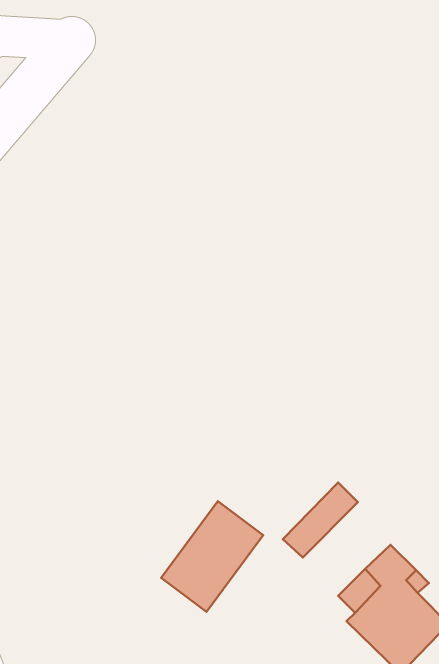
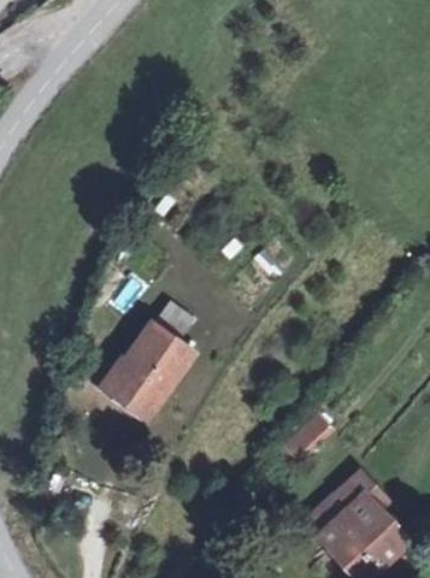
building: [161,501,263,612] -> [104,325,190,419]

